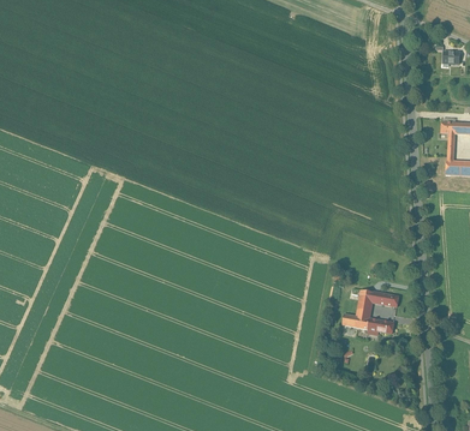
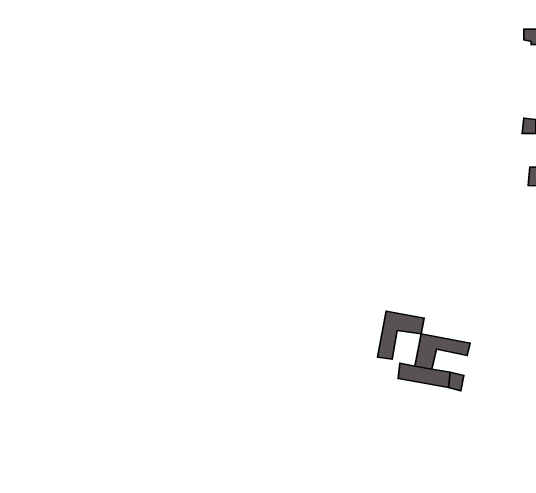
building: none -> [378,311,424,359]

